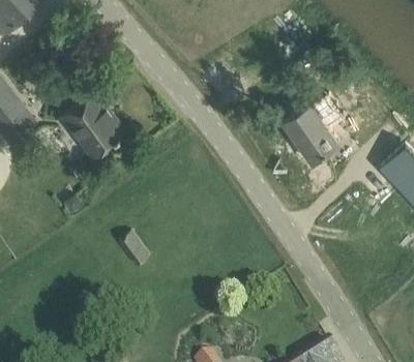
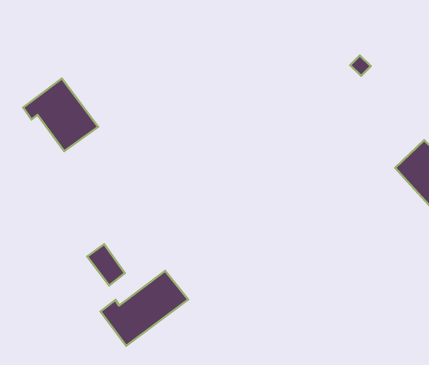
building: [282,103,336,161] -> none
building: none -> [101,271,188,346]

